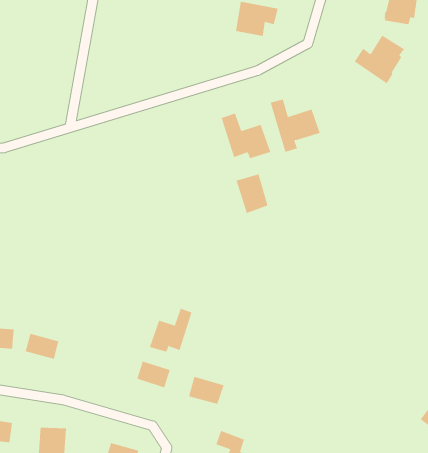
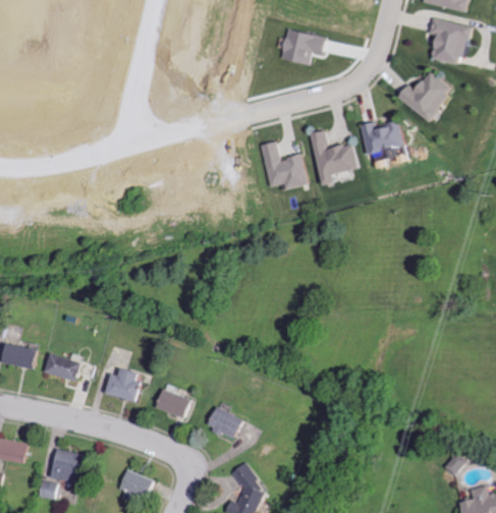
building: none -> [362,122,405,161]
building: [236,173,268,214] -> none
building: [149,308,192,352] -> none
building: none -> [103,367,140,402]

